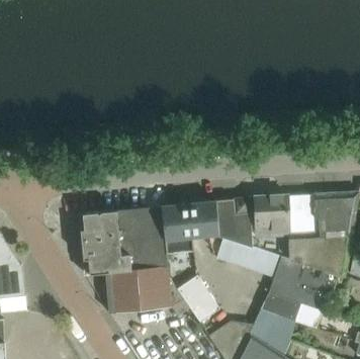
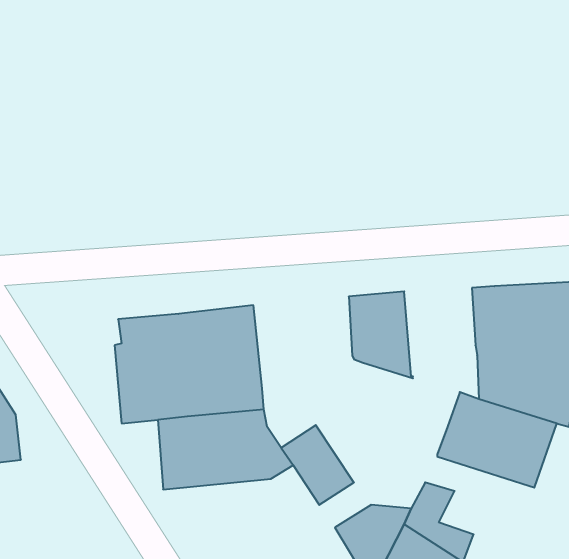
building: [254,196,290,238] -> none
building: [161,201,218,255] -> none
building: [217,240,281,277] -> none
building: [261,294,322,328] -> none

